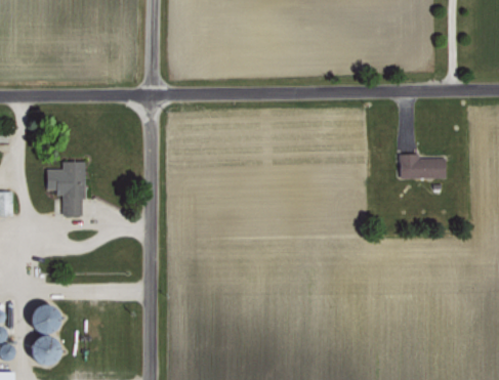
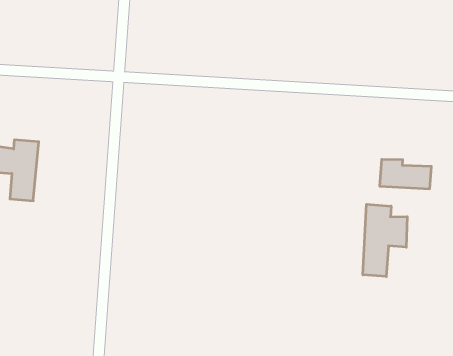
building: none -> [363,204,407,277]

